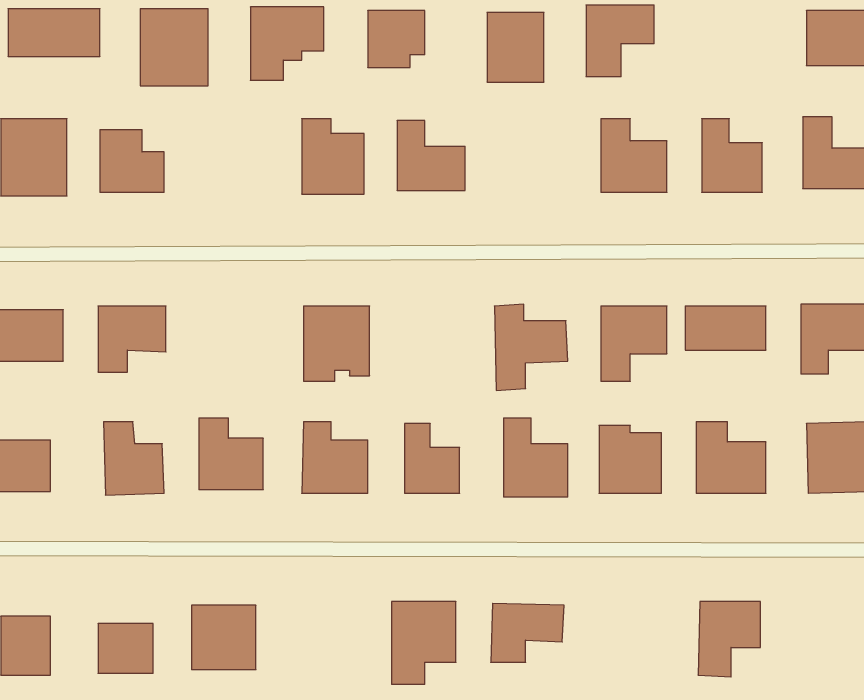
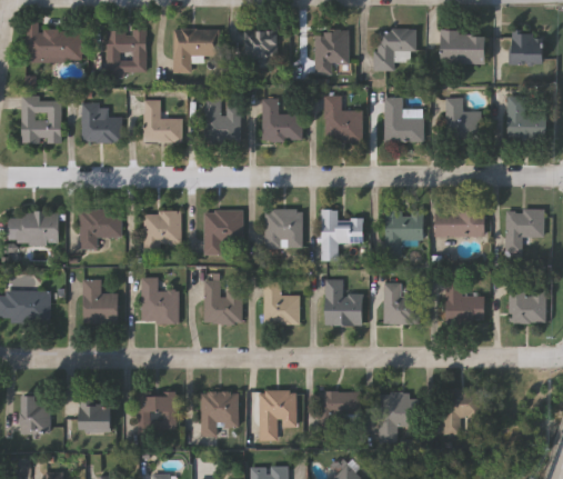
building: none -> [439,31,487,63]
building: none -> [324,96,365,142]
building: none -> [143,99,182,141]
building: none -> [264,210,302,248]
building: none -> [143,211,180,257]
building: none -> [199,391,239,437]
building: none -> [380,393,418,441]

